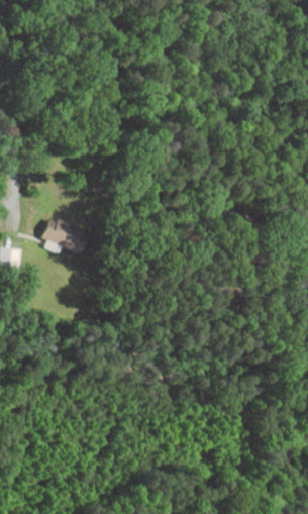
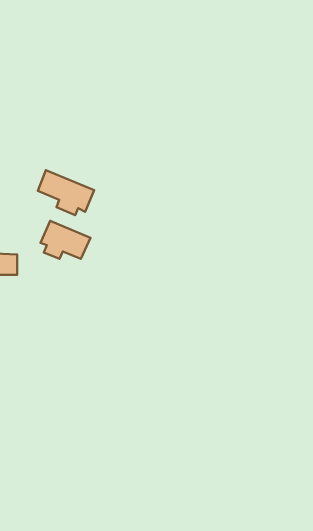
building: none -> [38,170,94,215]

